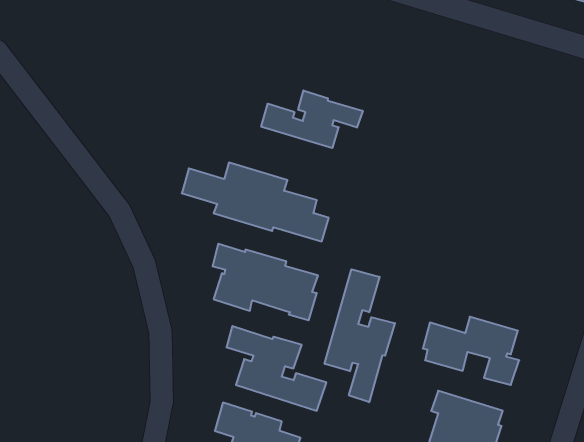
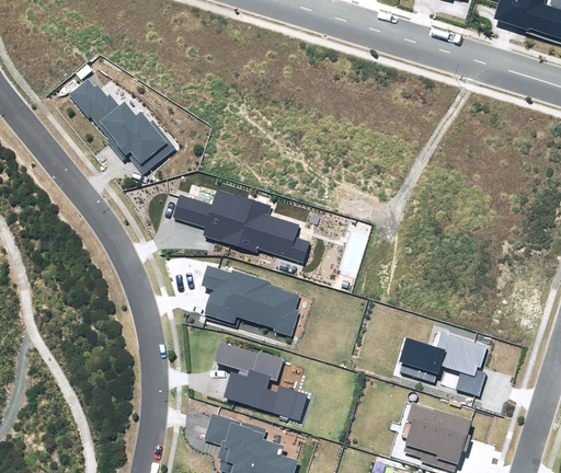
building: none -> [69,79,175,174]
building: [261,90,363,148] -> none
building: [325,269,395,402] -> none

